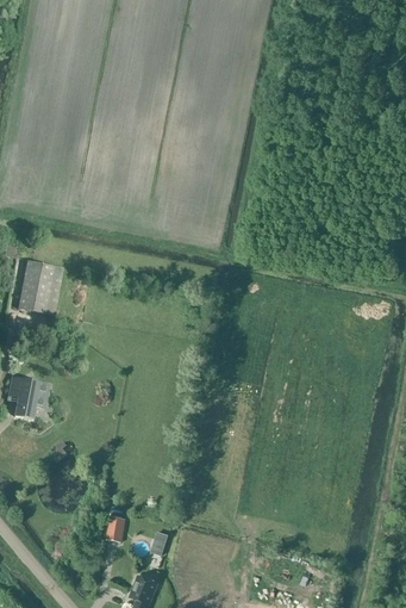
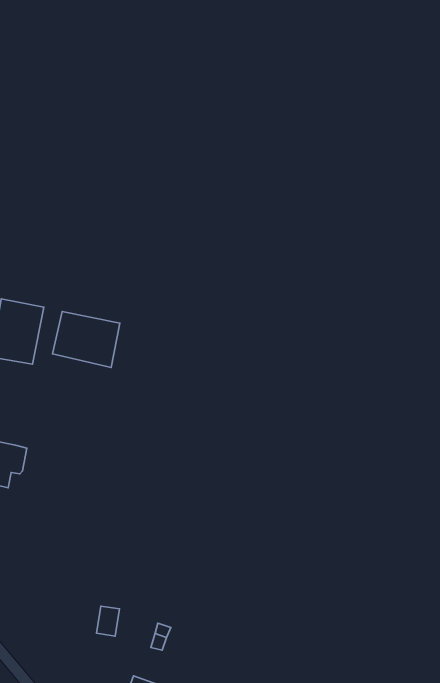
building: none -> [52,312,120,367]

